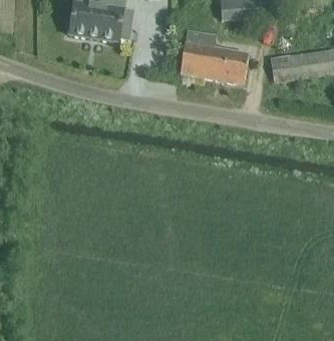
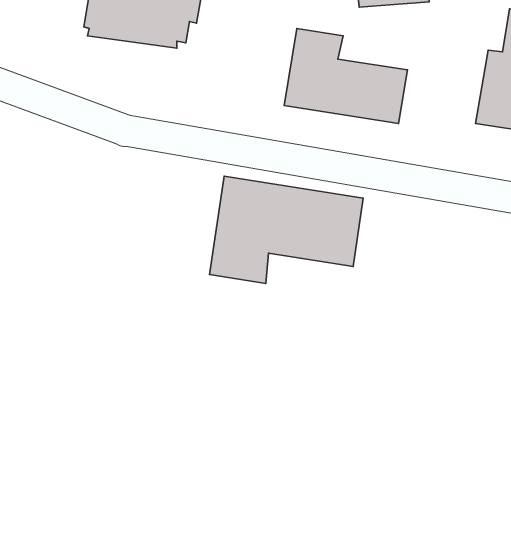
building: none -> [210,176,363,283]

